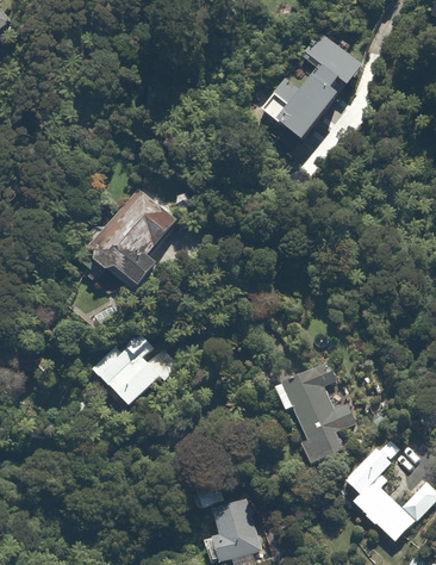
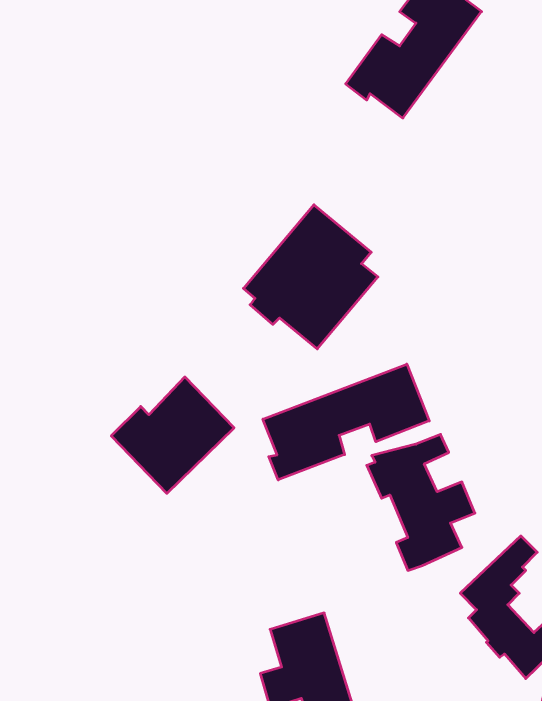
building: [85,187,182,292] -> [243,205,378,349]
building: none -> [263,364,429,480]

